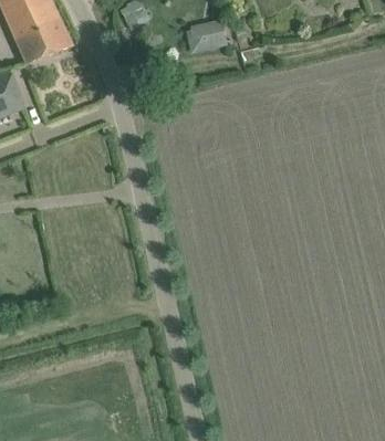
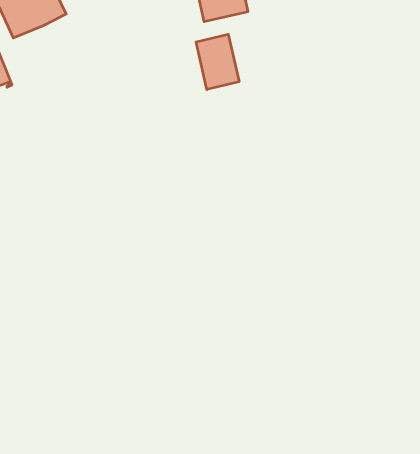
building: none -> [196,34,239,90]

